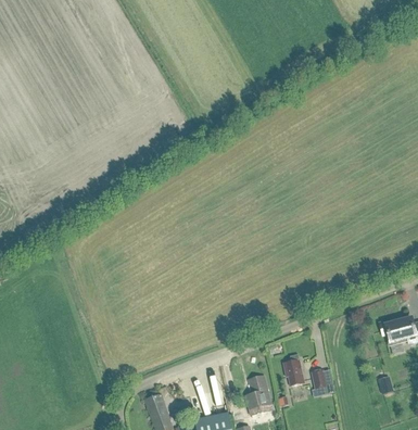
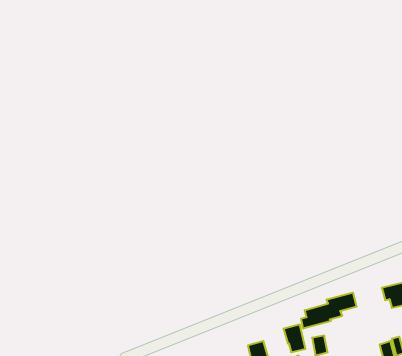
building: none -> [301,293,357,329]

